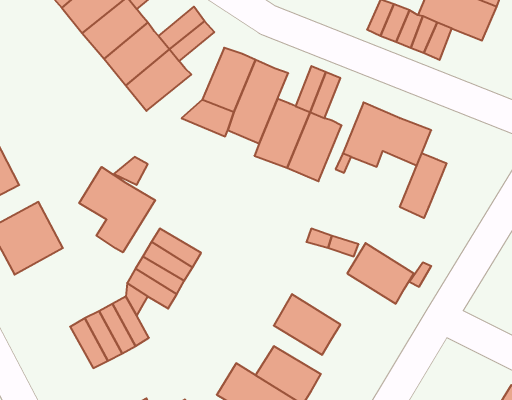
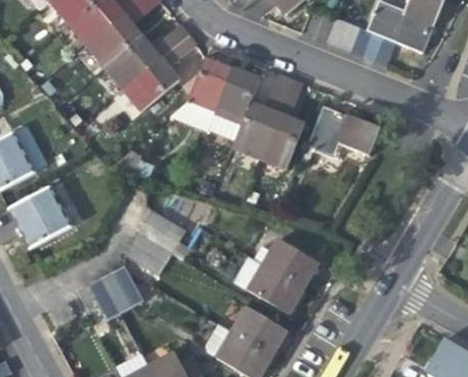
building: [400,153,447,218] -> none
building: [79,167,155,252] -> none
building: [347,243,414,304] -> [263,238,319,289]

